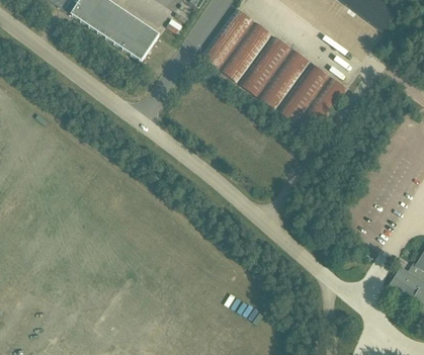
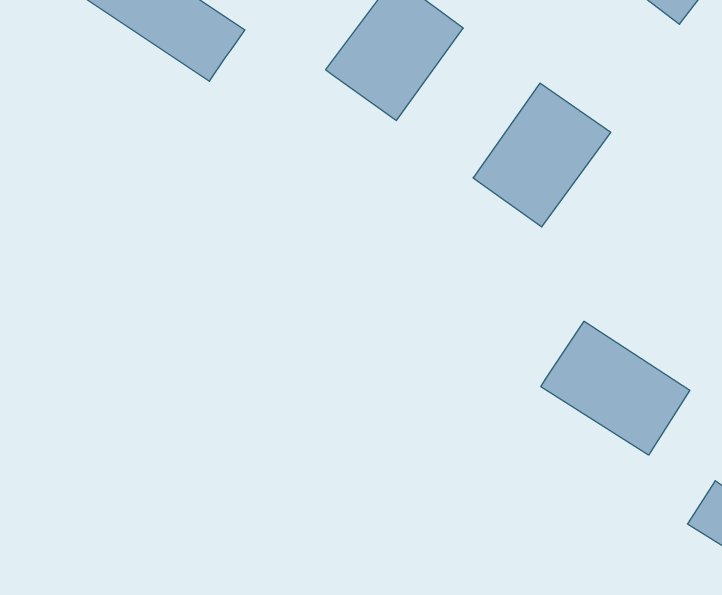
building: [238,34,309,108] -> none
building: none -> [541,321,690,455]

